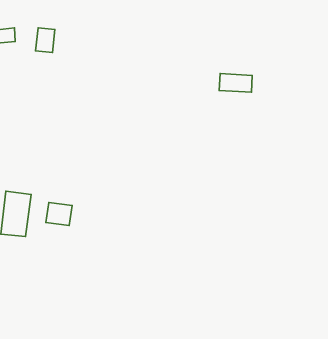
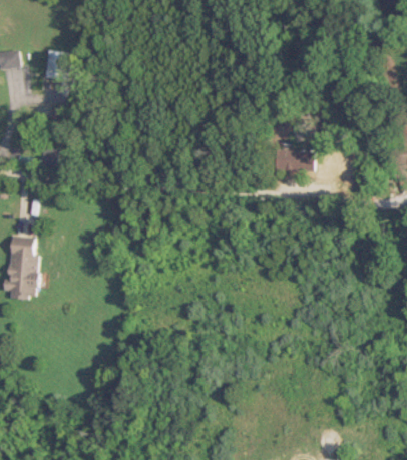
building: [219,74,252,92] -> [275,149,314,171]
building: [46,202,72,225] -> none

